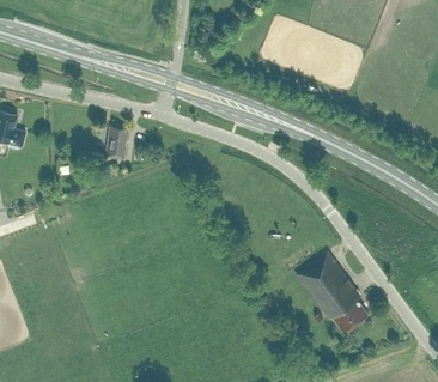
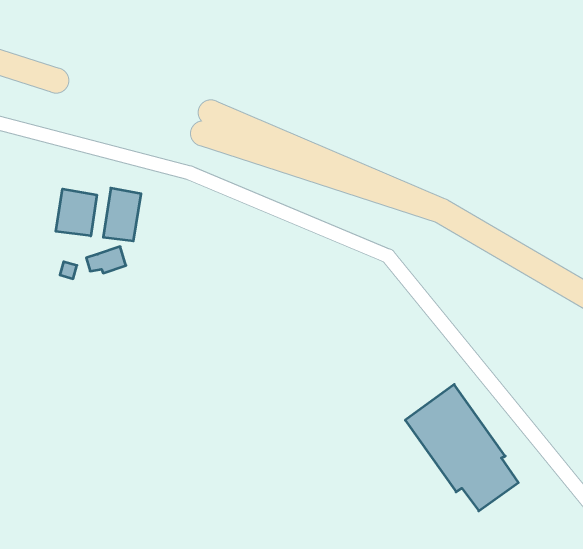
building: none -> [56,189,97,236]

